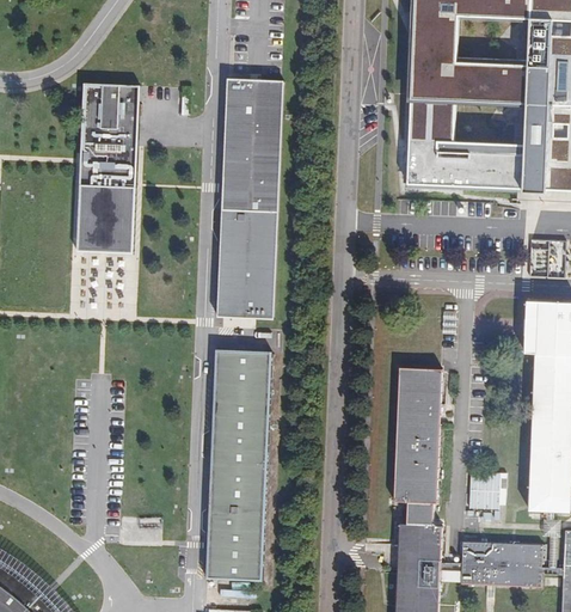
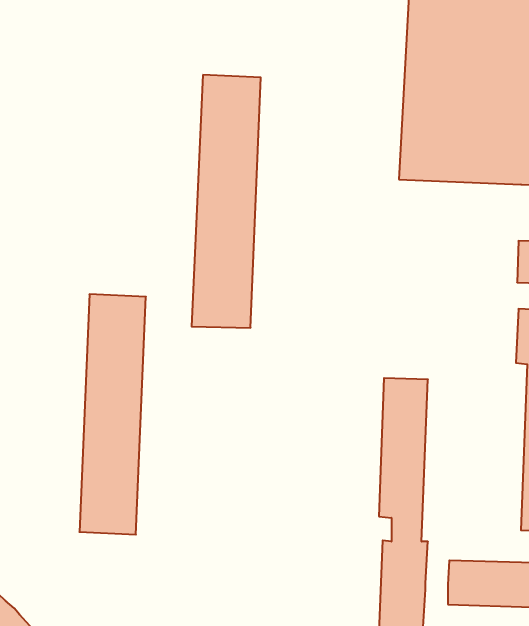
building: [72,91,131,253] -> none
building: [203,351,266,580] -> [79,294,146,535]
building: [472,472,504,509] -> none

